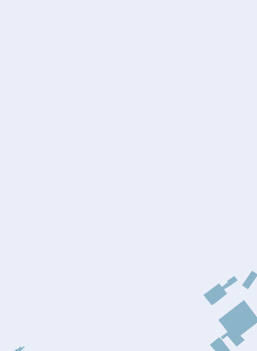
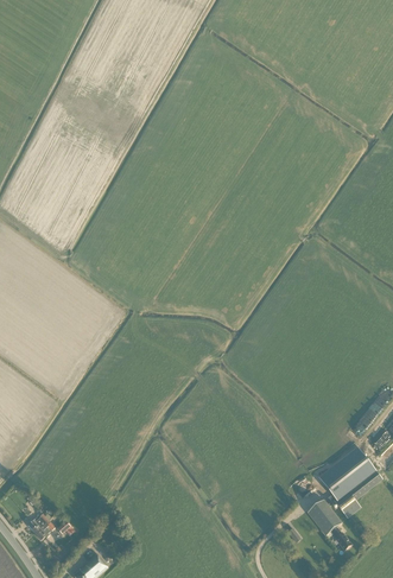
building: [202,275,239,307] -> none

